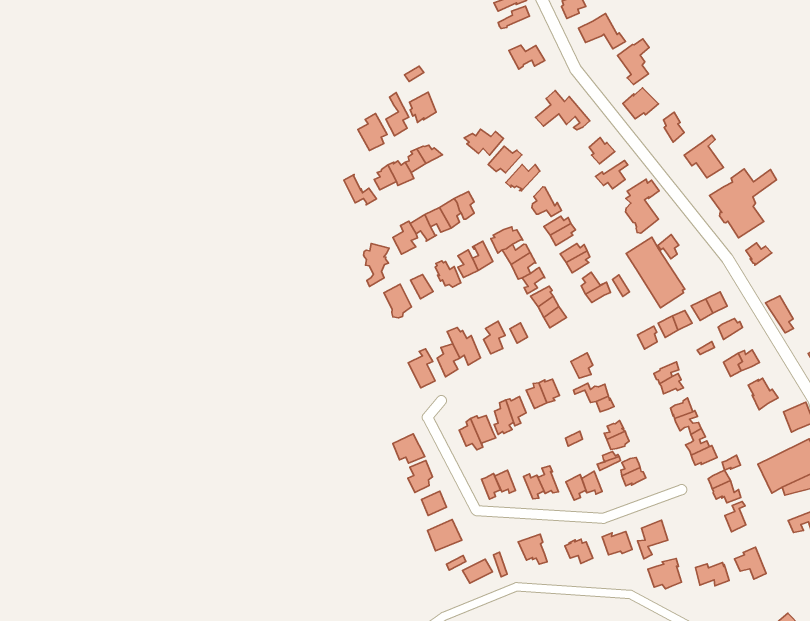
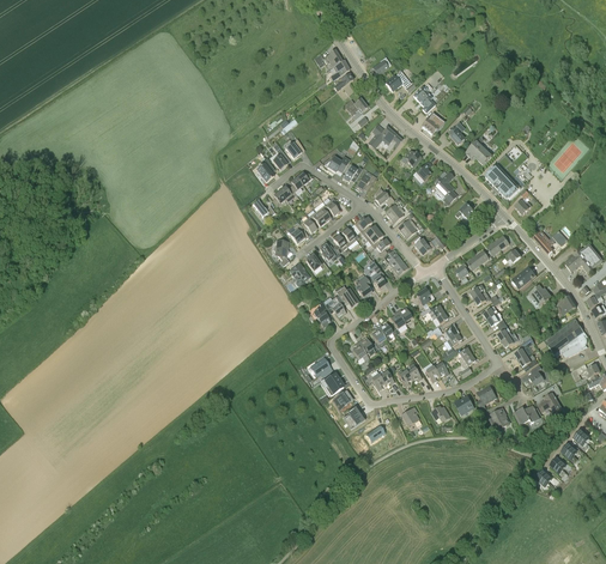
building: [626,237,685,308] -> none

